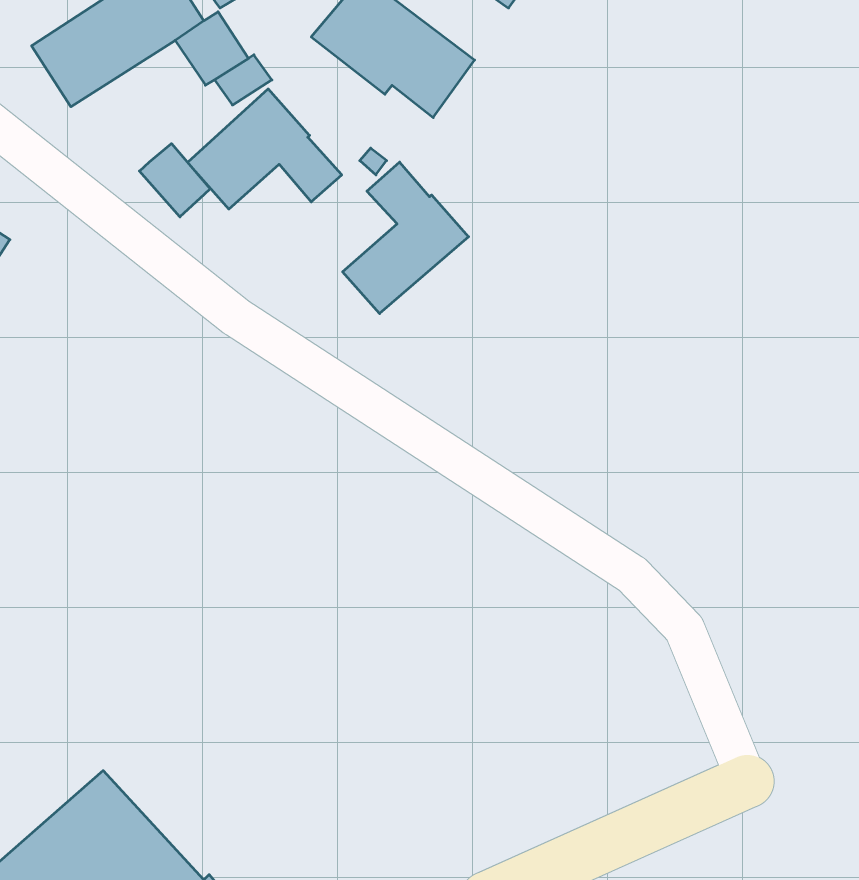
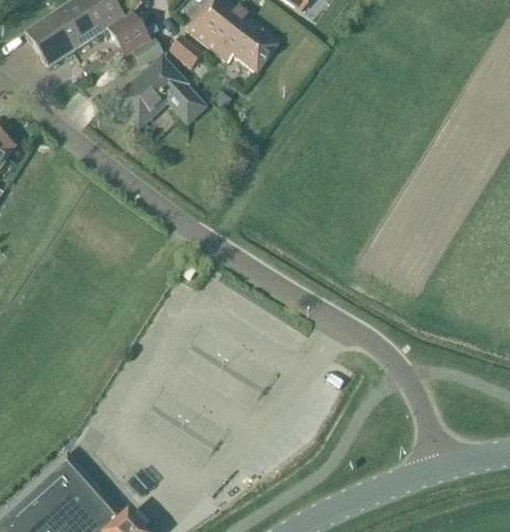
building: none -> [168,34,205,68]
building: [139,144,210,217] -> none
building: [343,162,469,314] -> none

